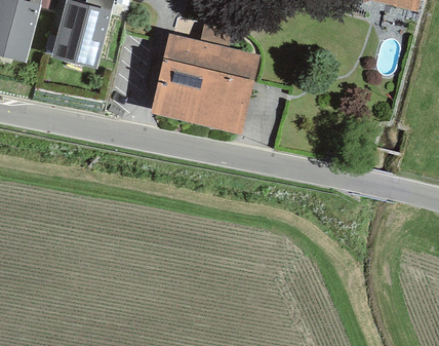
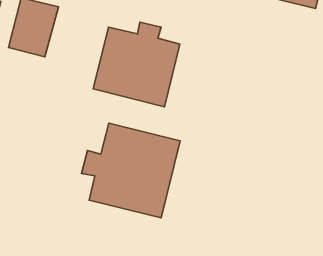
building: none -> [82,123,180,218]

